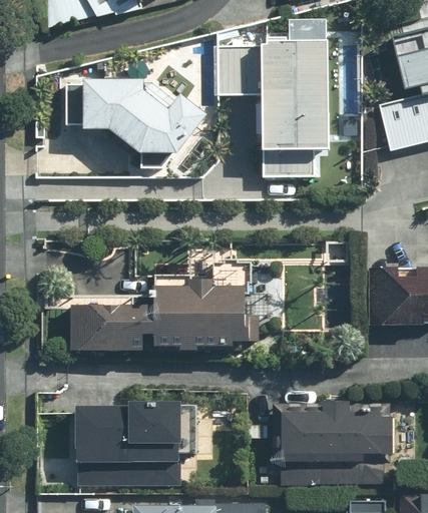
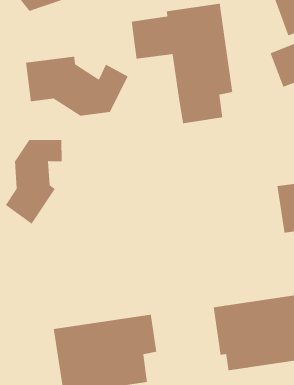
building: none -> [5,139,62,225]
building: [70,278,258,350] -> none

